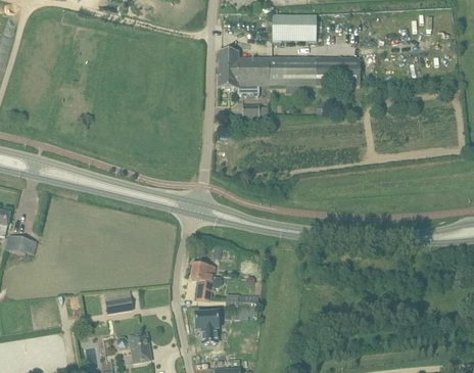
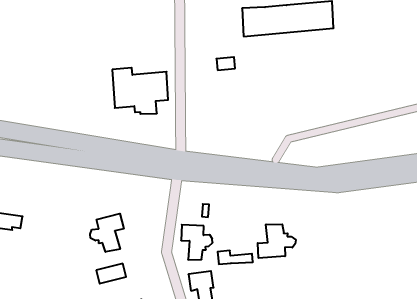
building: [218,49,272,96] -> [112,68,168,114]
building: none -> [90,214,124,252]
building: none -> [258,224,296,258]

